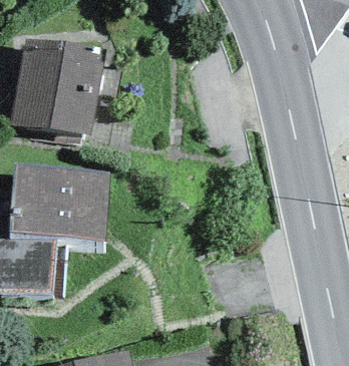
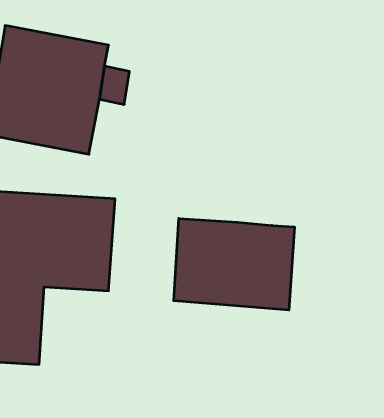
building: none -> [174,218,294,310]

